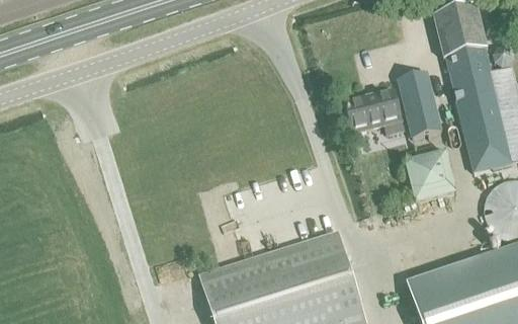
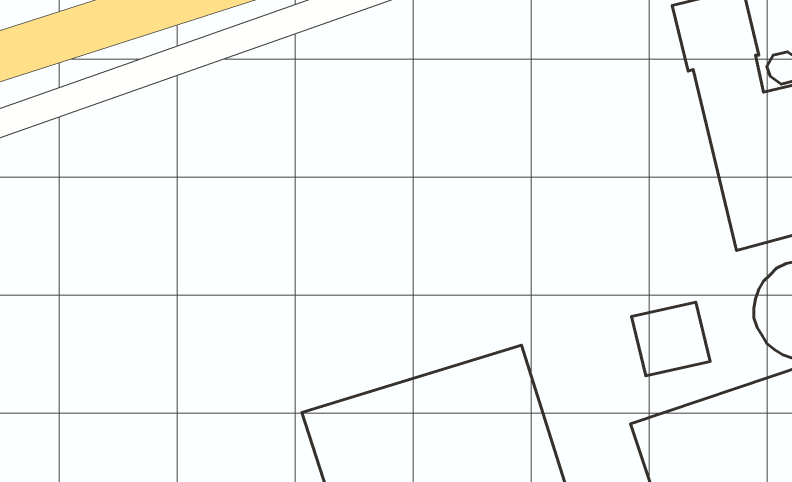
building: [399,73,440,136] -> none
building: [347,89,405,133] -> none
building: [407,152,456,198] -> [632,302,710,376]

